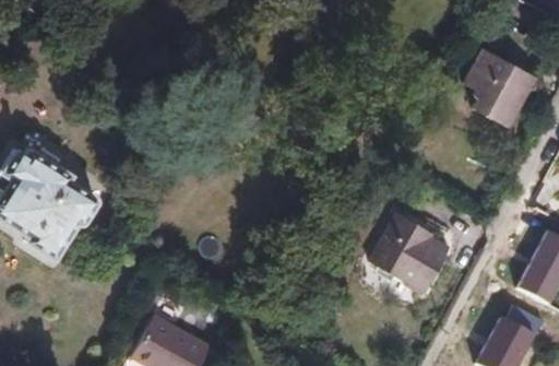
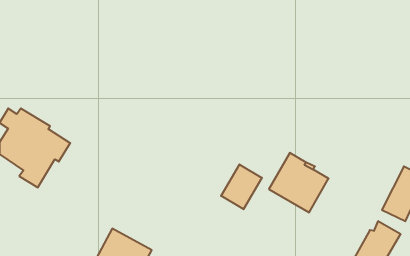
building: [467,50,535,128] -> none
building: none -> [221,164,262,209]

